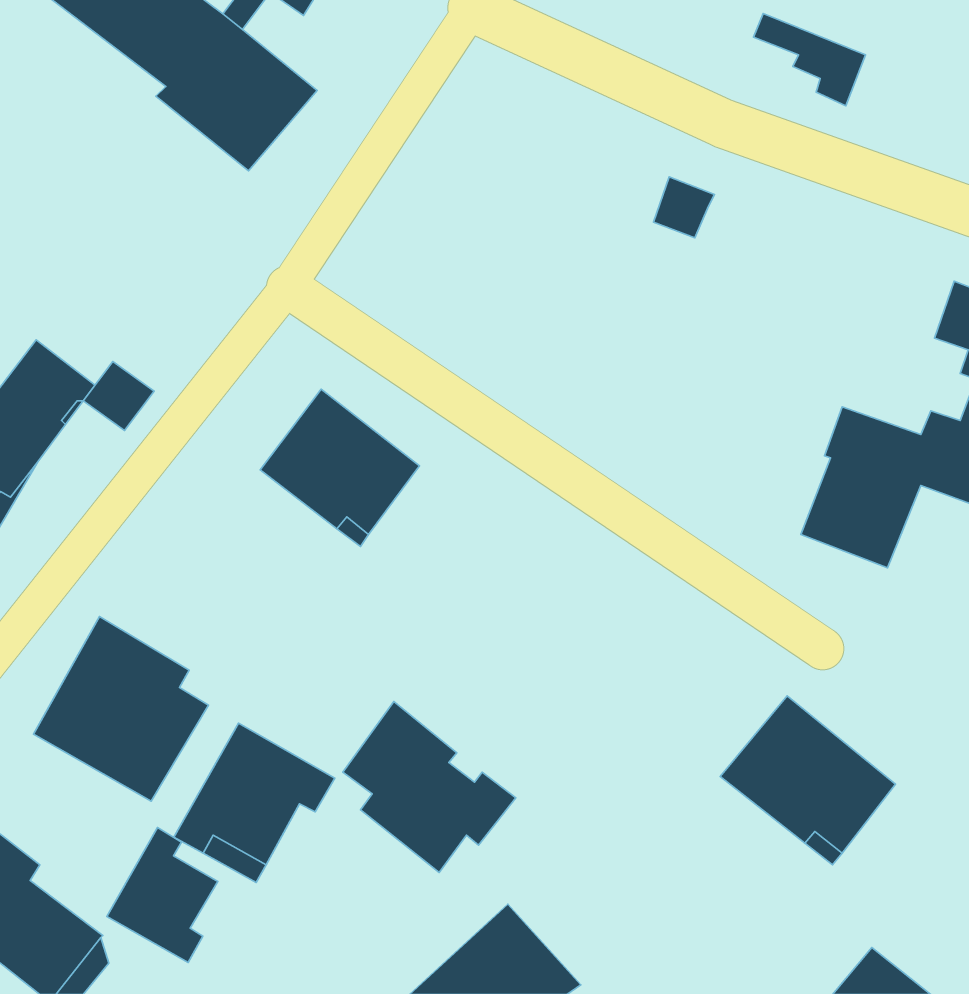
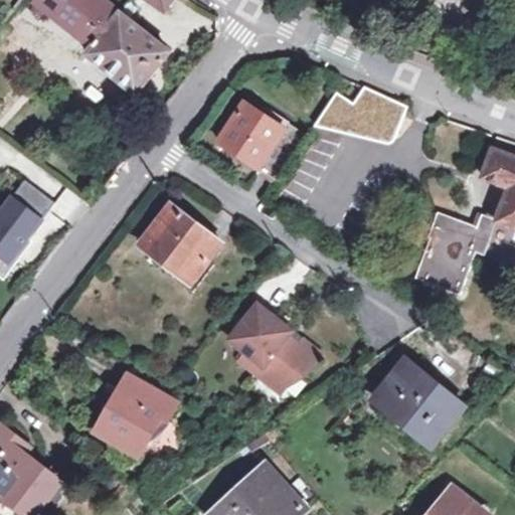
building: [753,14,865,106] -> [347,81,404,129]
building: none -> [217,102,307,181]
building: [33,617,208,801] -> none
building: [343,702,516,873] -> [230,303,319,390]
building: [107,828,218,963] -> none

